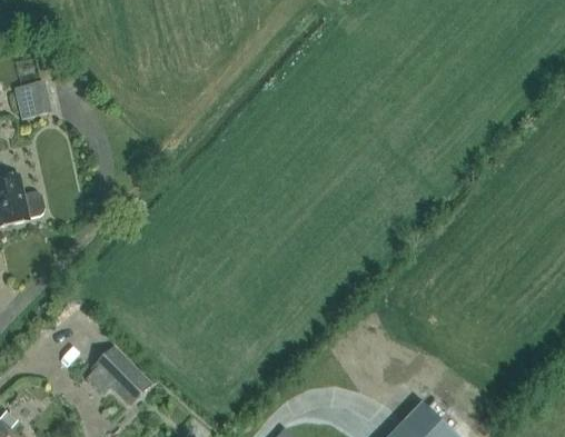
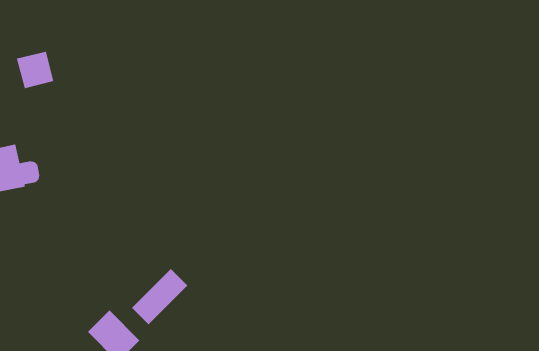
building: none -> [131,268,188,325]

